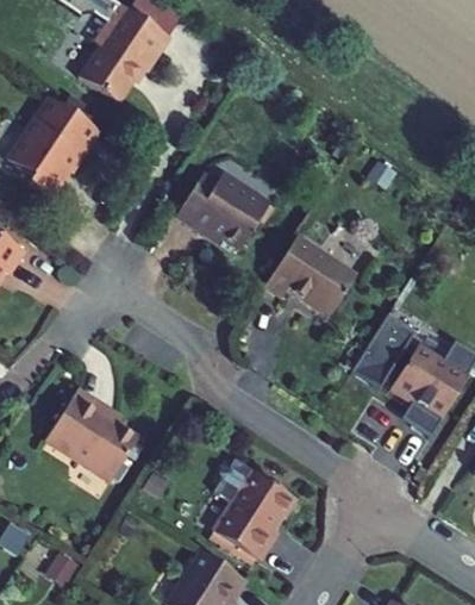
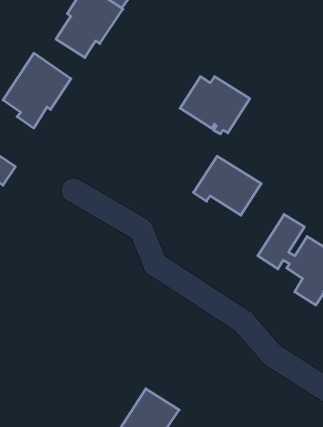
building: [175,173,269,250] -> [180,77,250,134]
building: [45,389,138,480] -> none
building: [213,459,295,560] -> none

